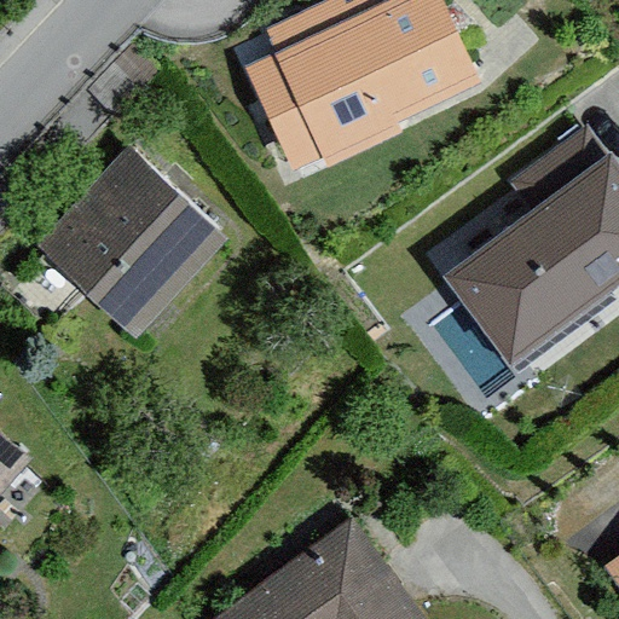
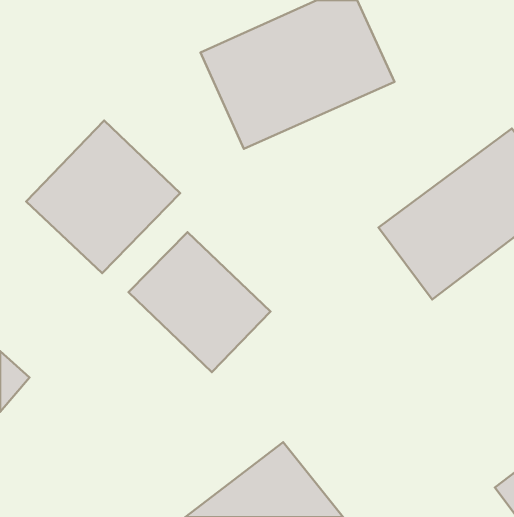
building: none -> [128,232,271,372]

